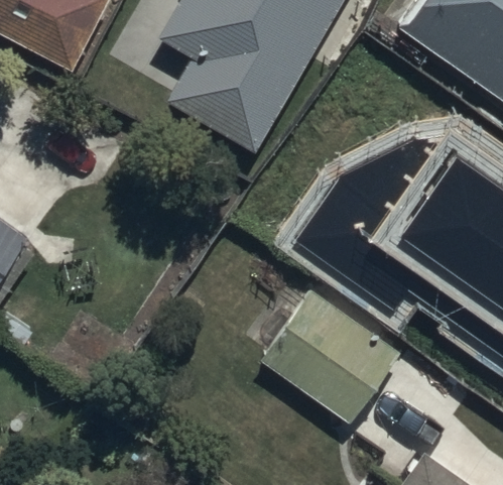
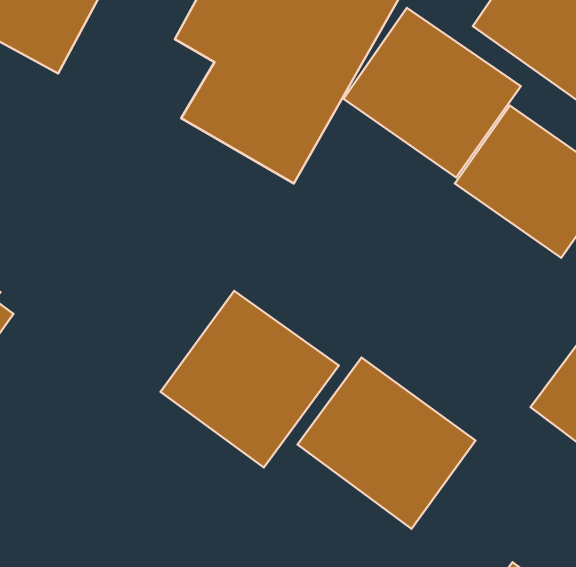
building: none -> [344,8,521,178]
building: none -> [160,291,339,468]

